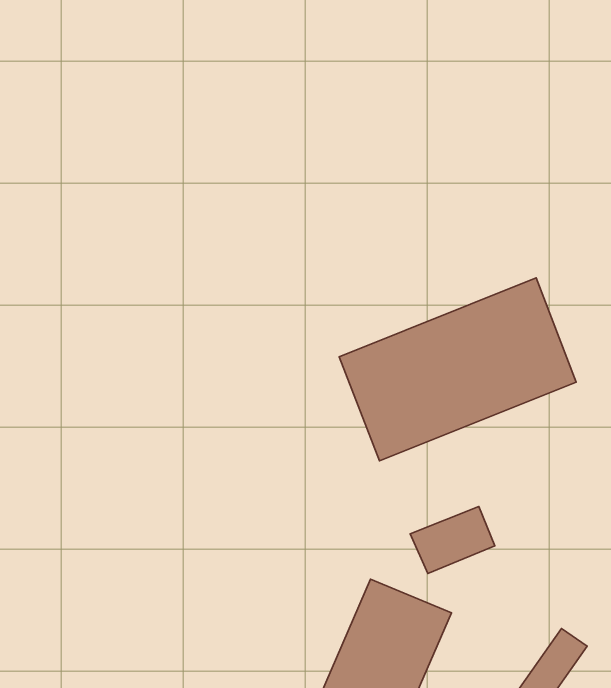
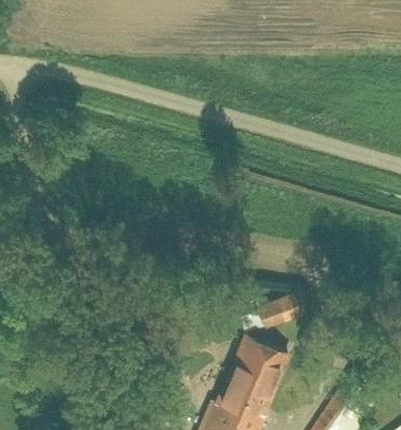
building: [339,278,576,461] -> none

